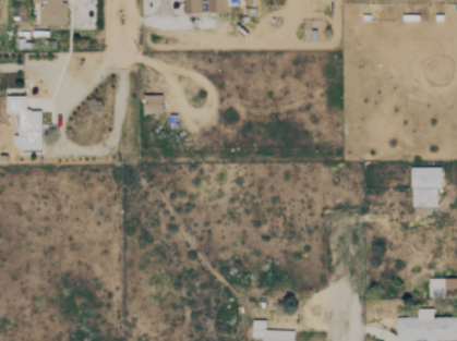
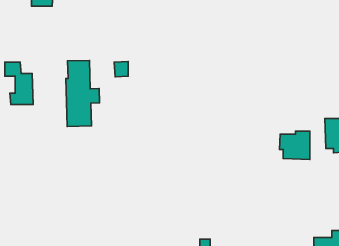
building: none -> [66,60,99,127]
building: none -> [279,131,310,159]

